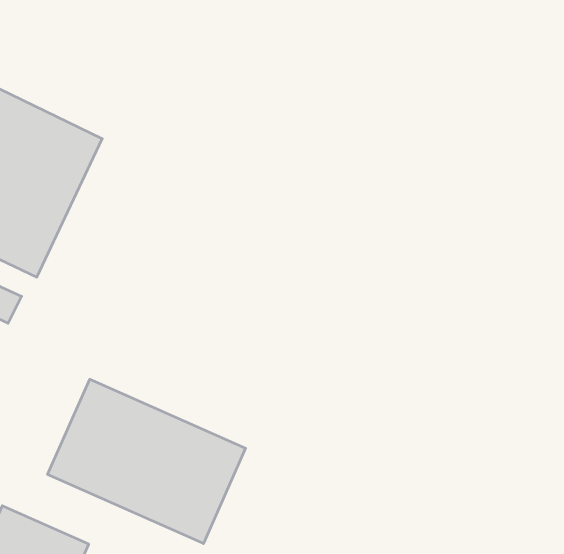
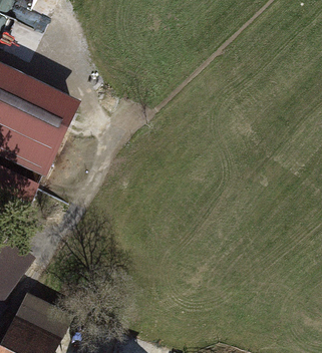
building: [48,379,246,544] -> none

